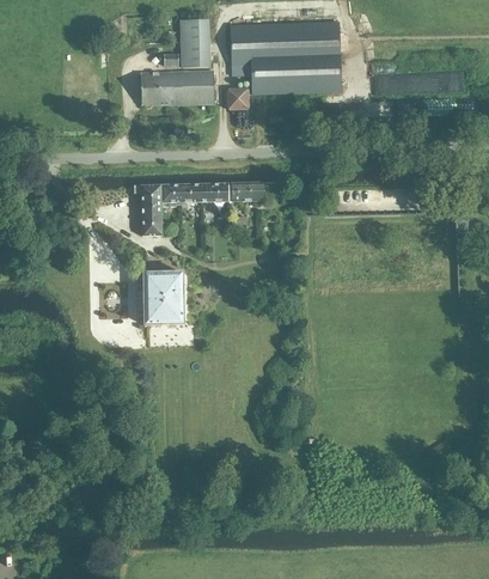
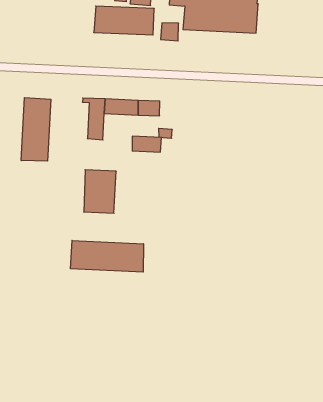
building: [228,182,264,201] -> [132,136,162,152]
building: none -> [21,98,51,161]
building: none -> [71,240,143,272]

